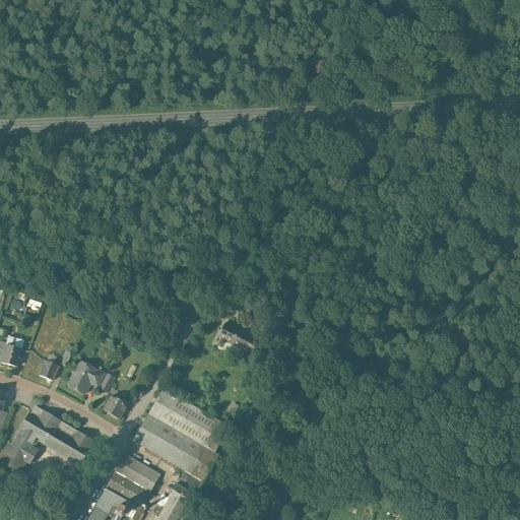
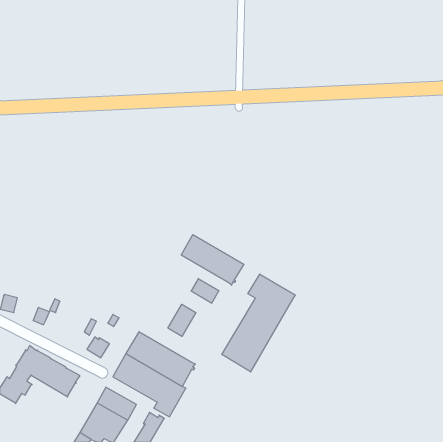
building: none -> [181,235,244,285]
building: none -> [222,274,295,372]
building: none -> [168,304,196,336]
building: [66,361,103,393] -> none

